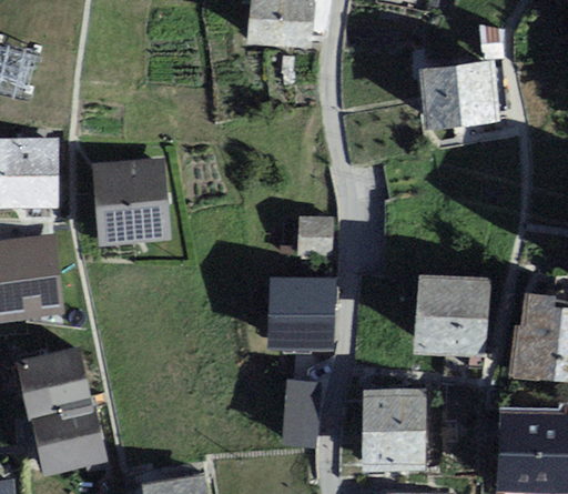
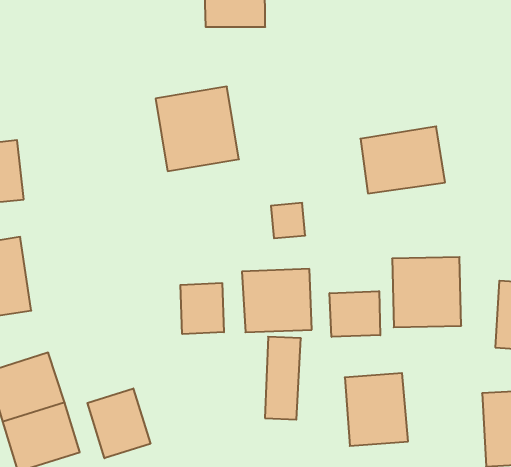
building: [417,61,498,123] -> [360,126,445,193]
building: [91,162,170,242] -> [156,87,239,171]
building: none -> [180,283,224,334]
building: none -> [330,291,380,337]
building: none -> [87,388,150,458]

